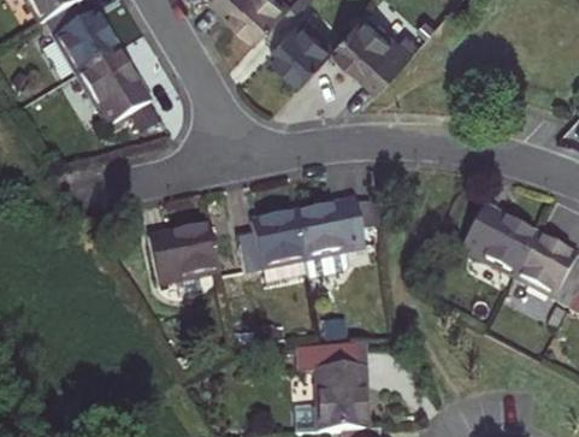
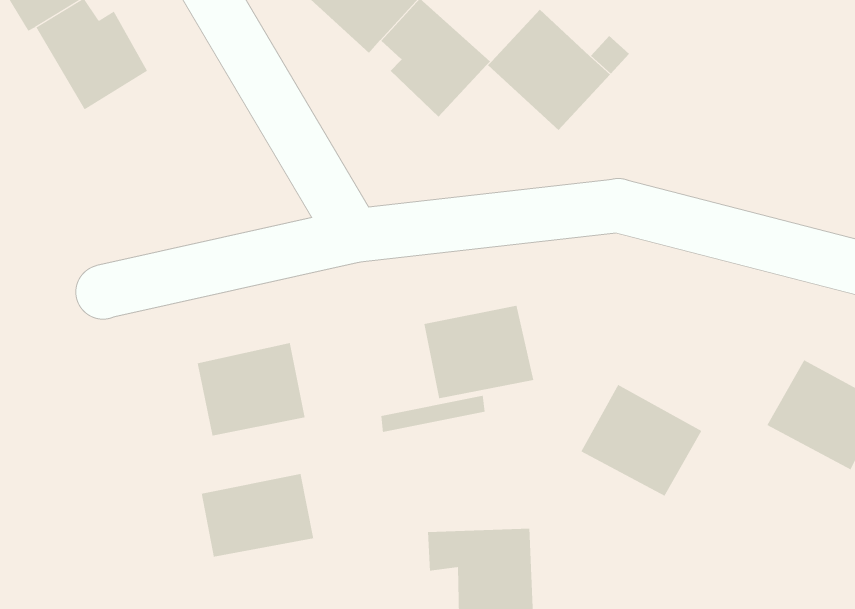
building: [77,47,150,125] -> none
building: [461,202,539,274] -> [580,384,702,497]
building: [237,209,305,270] -> none
building: none -> [201,473,314,557]

